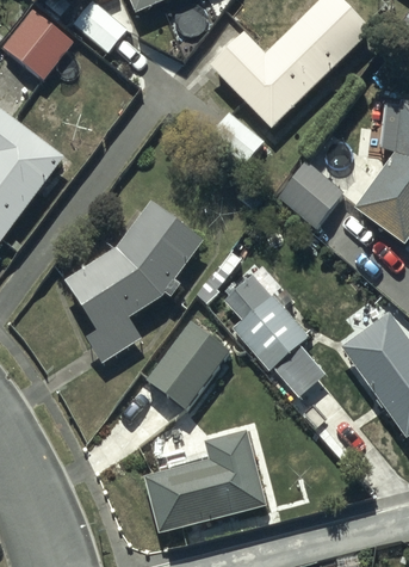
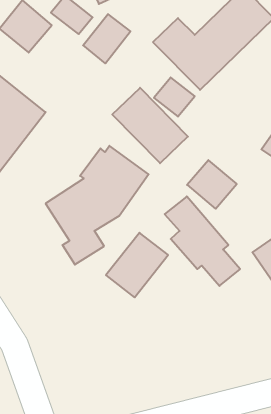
building: none -> [83,14,130,63]
building: none -> [112,88,188,163]
building: [277,162,343,228] -> [187,160,237,209]
building: [145,430,266,529] -> none

